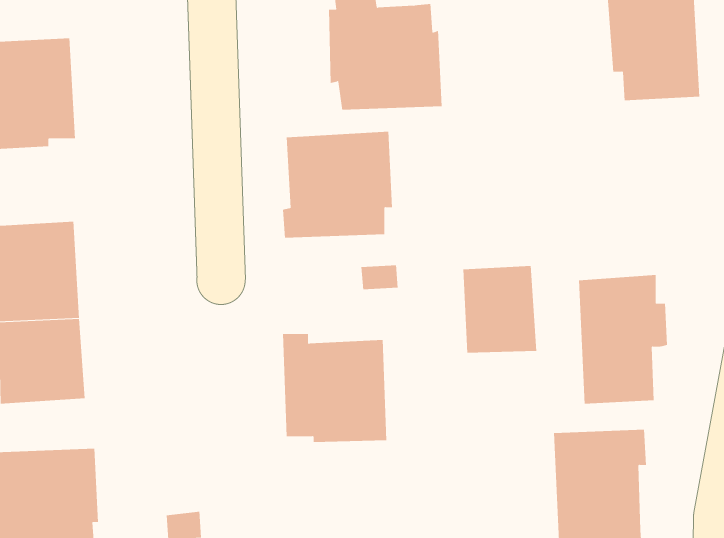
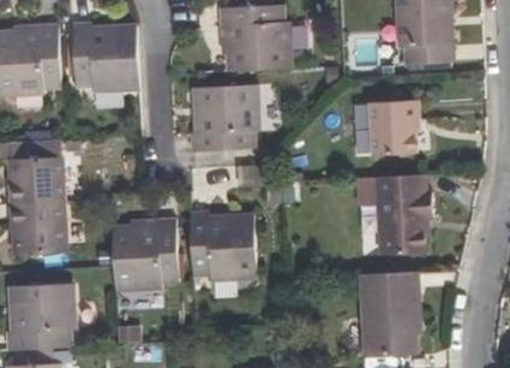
building: none -> [72,22,139,91]
building: [463,265,537,353] -> [371,100,418,155]
building: none -> [113,218,179,291]

